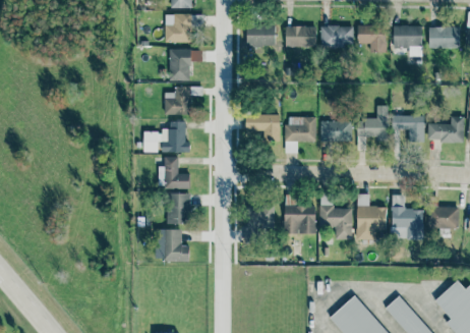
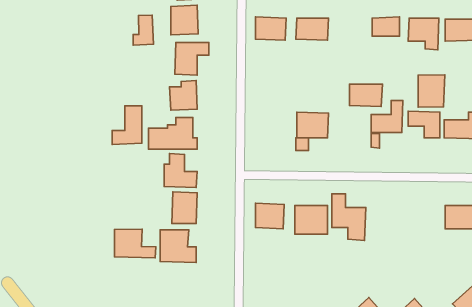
building: none -> [133,15,153,45]
building: [320,26,353,48] -> none
building: none -> [418,75,445,107]
building: none -> [112,106,142,145]
building: [245,115,280,142] -> none
building: [320,121,352,143] -> [350,84,382,106]
building: [356,195,387,240] -> none
building: [391,196,423,238] -> none
building: none -> [115,229,156,258]

